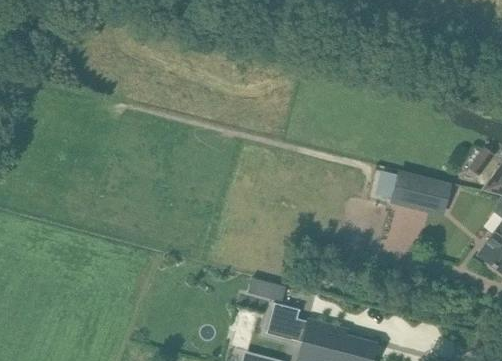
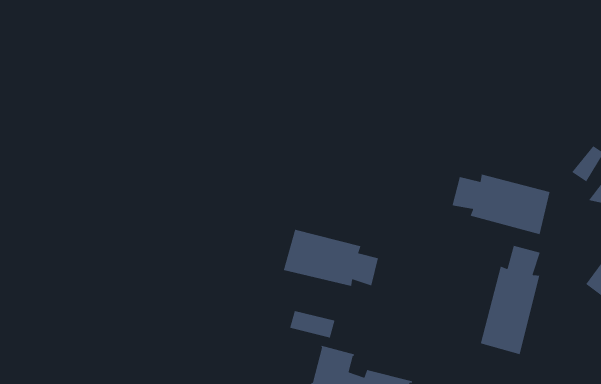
building: none -> [283,229,379,287]
building: none -> [480,245,541,355]

